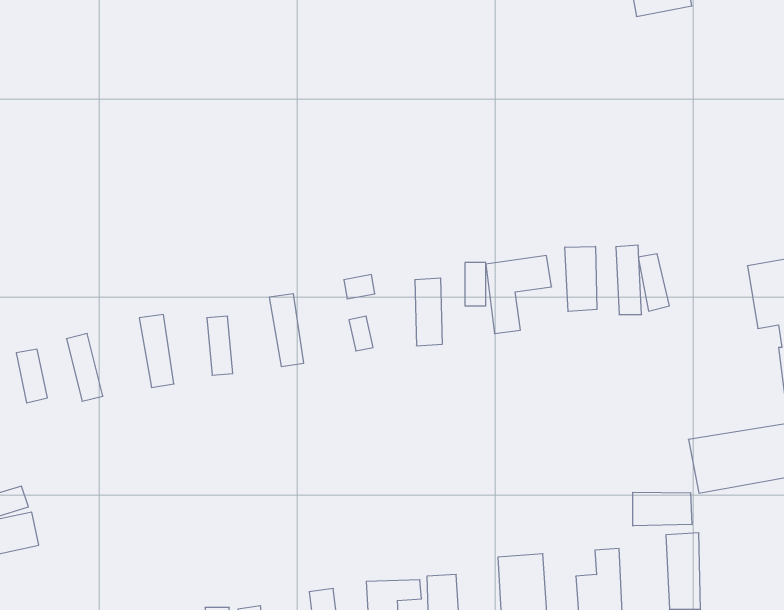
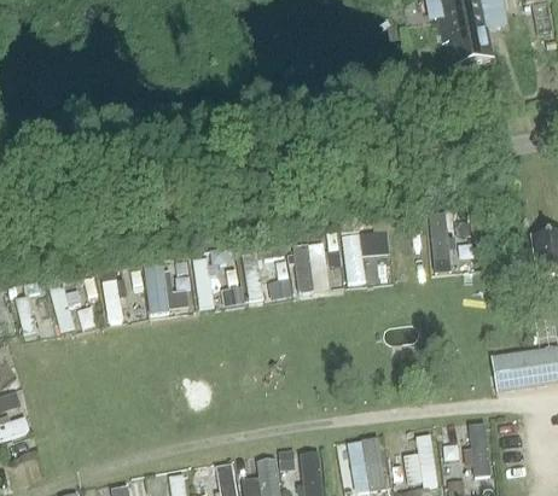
building: [565,246,597,312] -> none
building: [633,492,692,526] -> none

